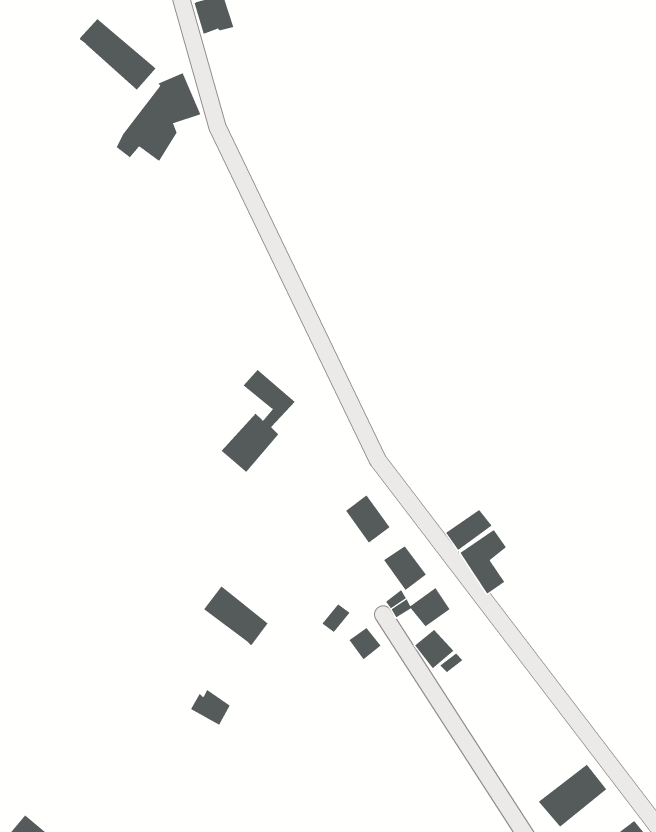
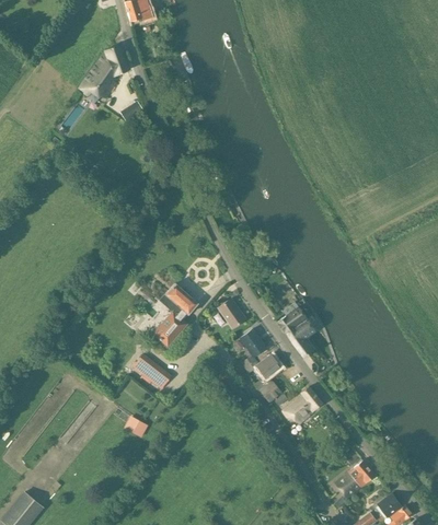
building: [79,18,157,91] -> none
building: [221,369,296,473] -> [152,284,197,347]
building: none -> [281,387,322,423]

